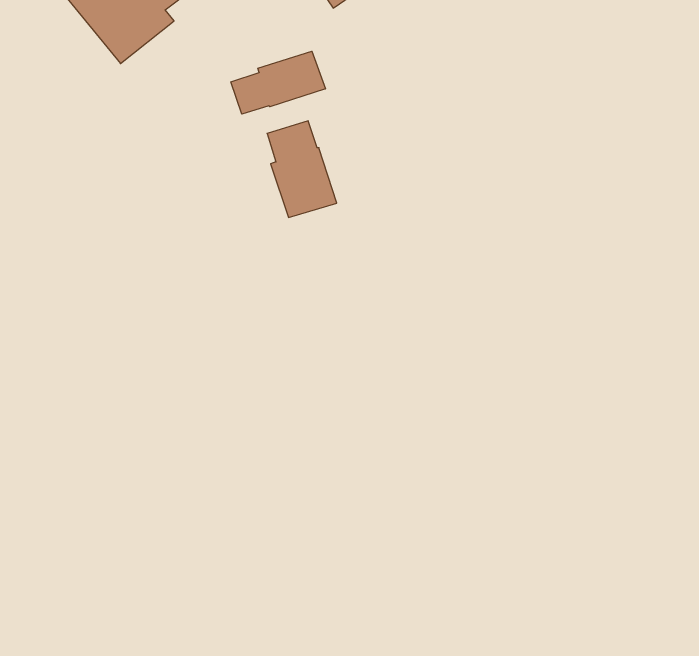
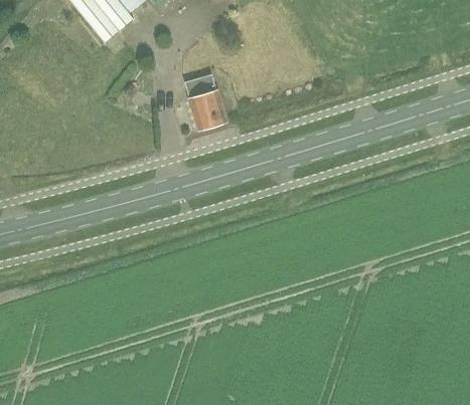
building: [231,51,325,114] -> none

